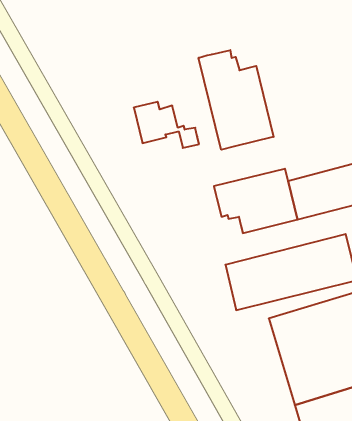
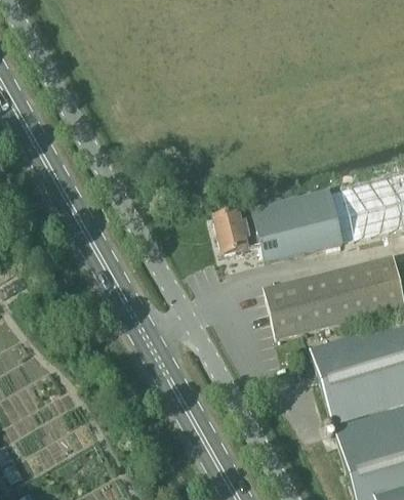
building: [199,50,274,150] -> none
building: [134,102,199,148] -> [214,210,284,259]

